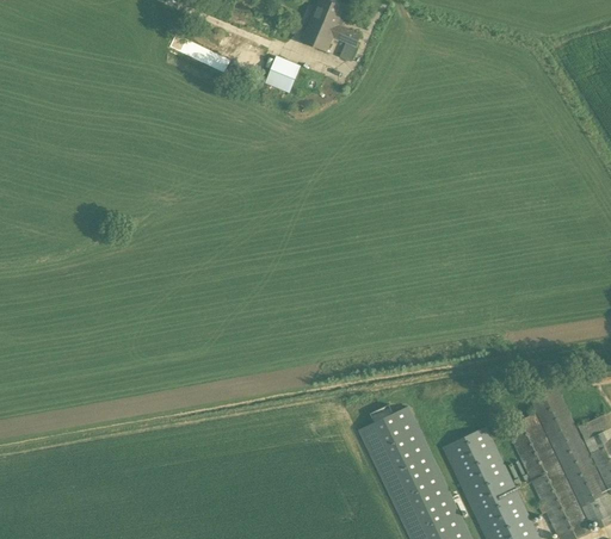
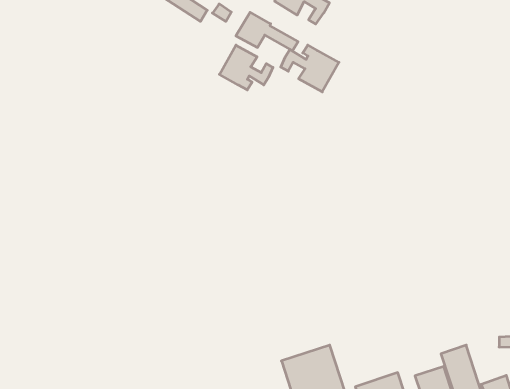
building: none -> [281,45,339,92]
building: none -> [219,45,273,90]

